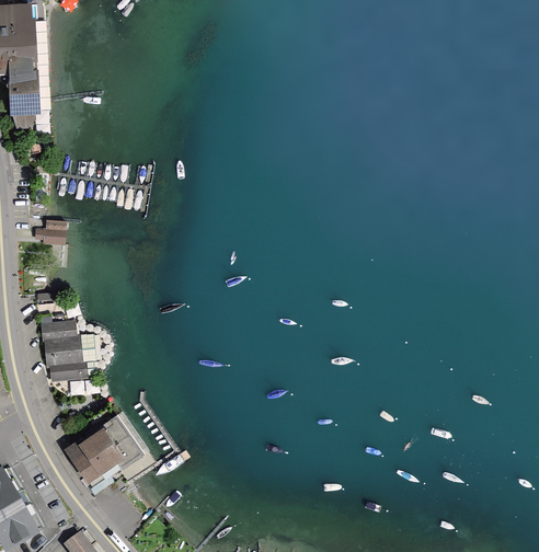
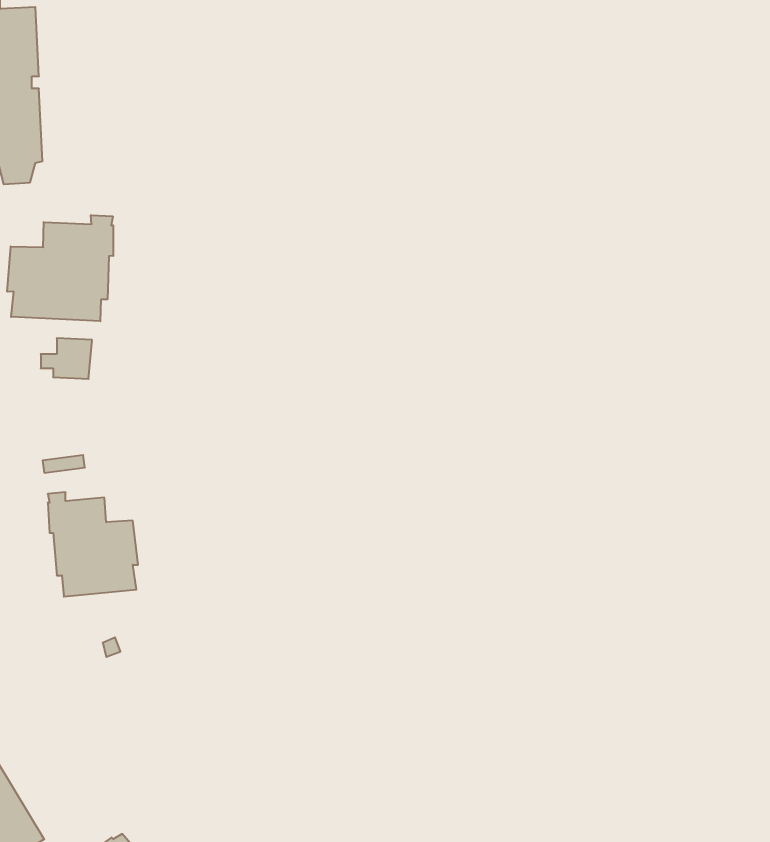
building: none -> [7,215,113,321]
building: [65,414,145,488] -> none

